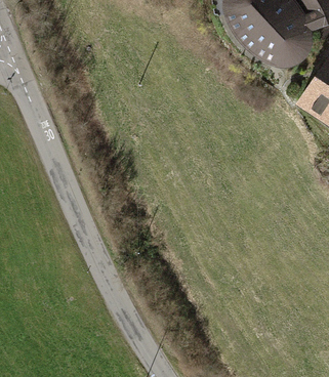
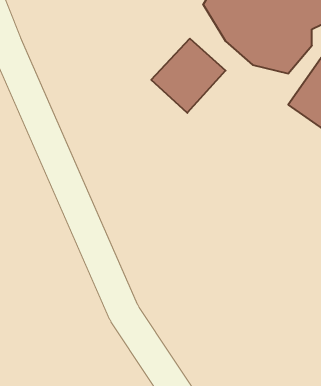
building: none -> [151,39,226,113]

